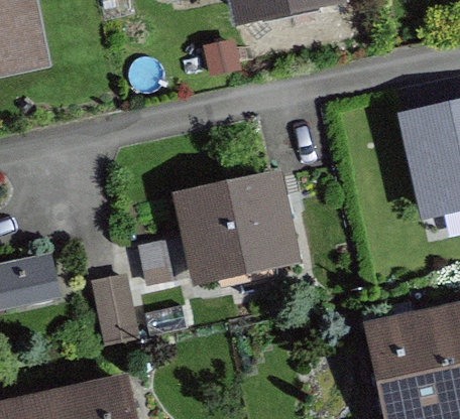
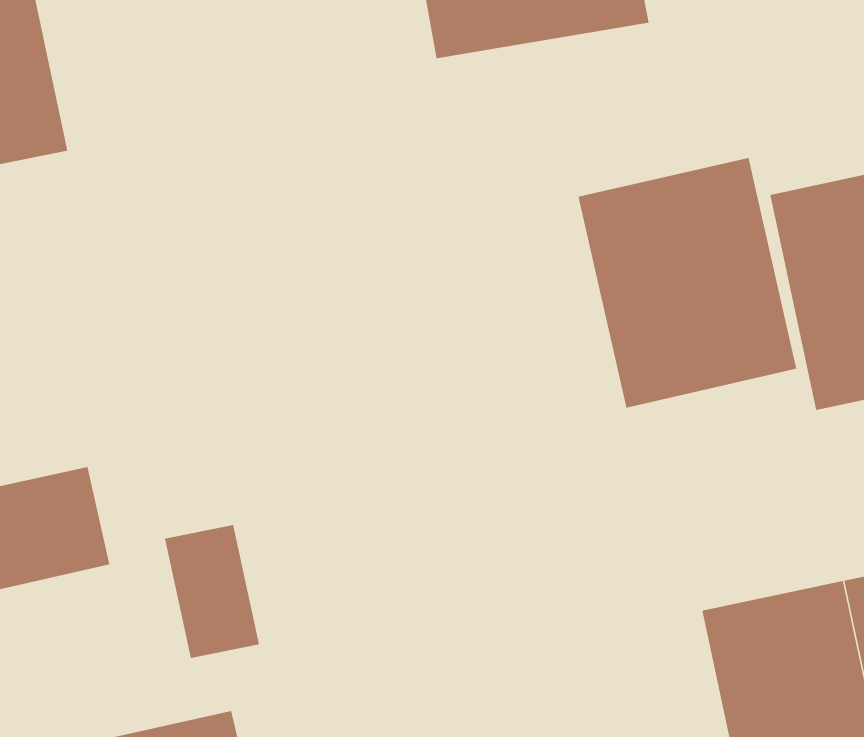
building: none -> [578,157,797,408]
building: [171,168,304,286] -> none

